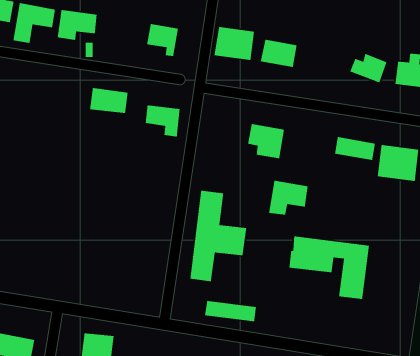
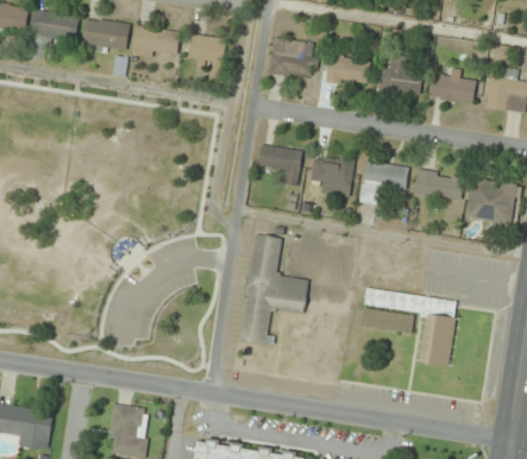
building: none -> [378,61,424,98]
building: [89,87,129,114] -> [131,26,178,58]
building: [145,105,180,137] -> [257,146,300,186]
building: [268,180,309,216] -> [358,162,407,205]
building: [204,300,257,322] -> none

